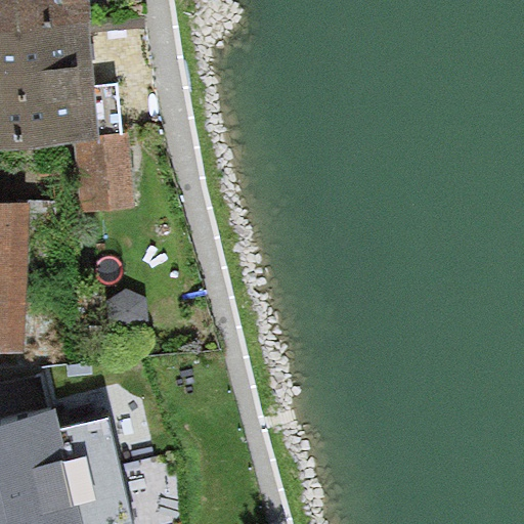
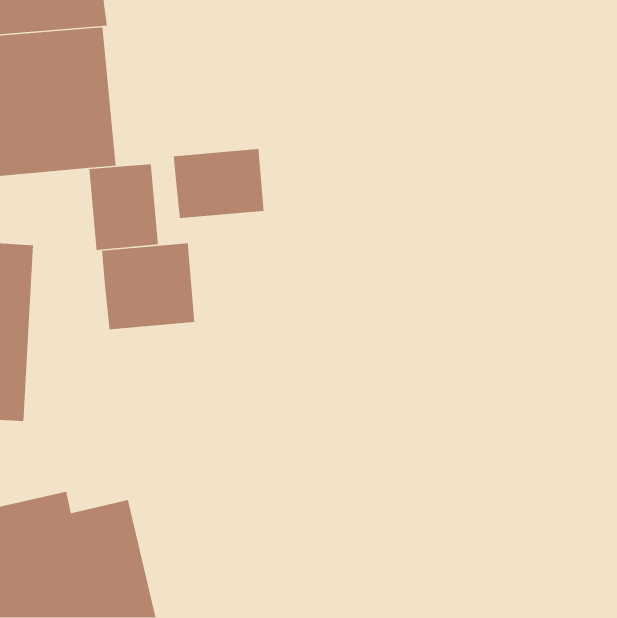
building: none -> [173,148,264,219]
building: none -> [101,243,195,330]

